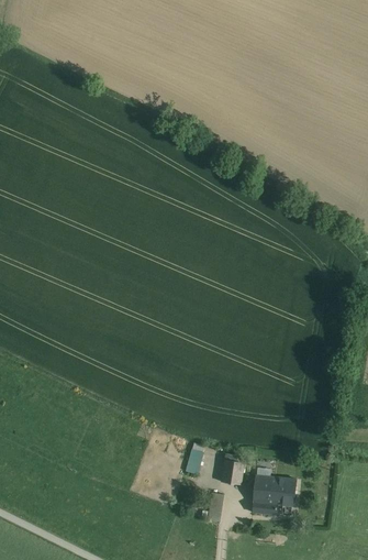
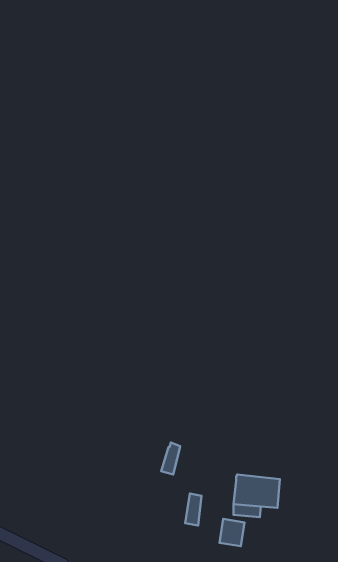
building: [221,458,244,483] -> [220,519,245,546]

